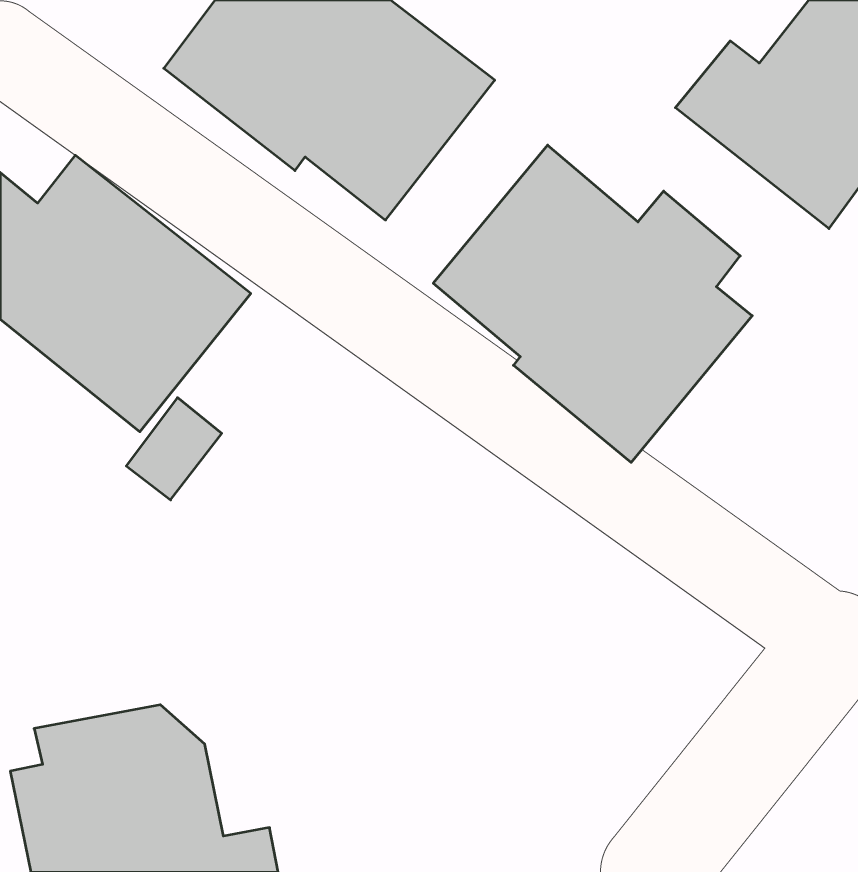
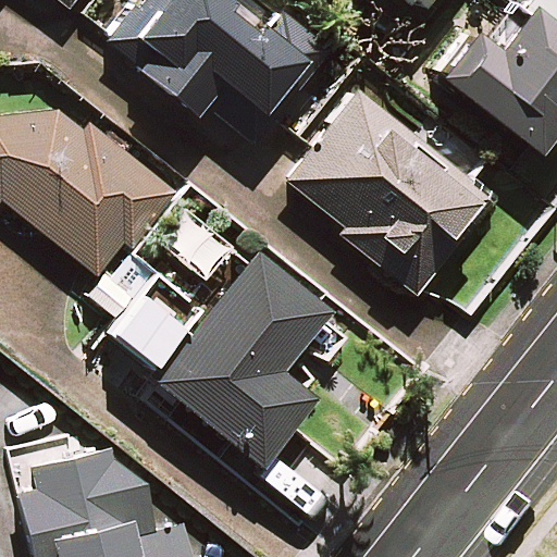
building: none -> [114,252,331,466]

